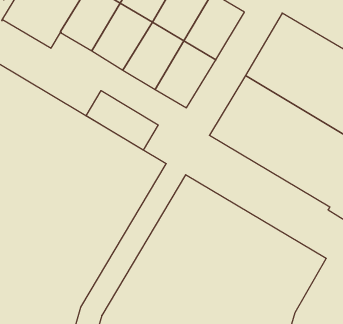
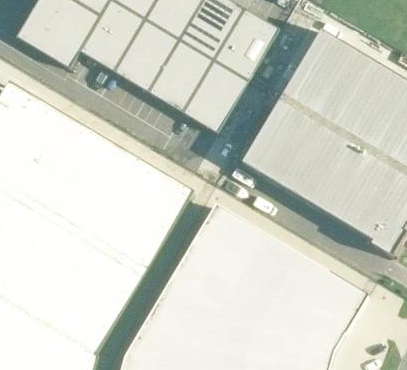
building: [86,91,158,150] -> none

